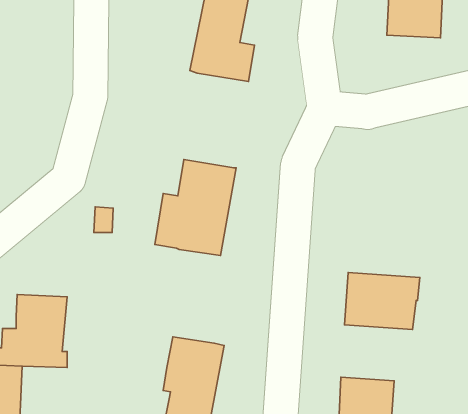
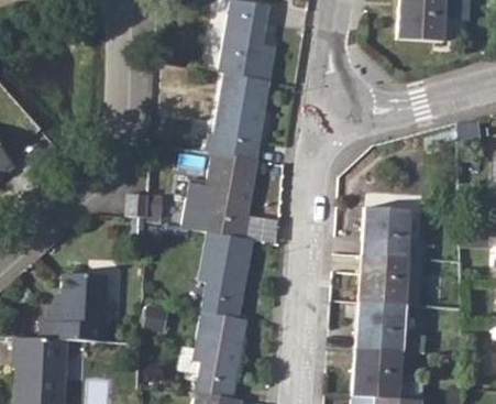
building: none -> [205,73,271,159]
building: none -> [361,207,427,258]
building: none -> [199,232,254,317]
building: none -> [354,301,406,351]

